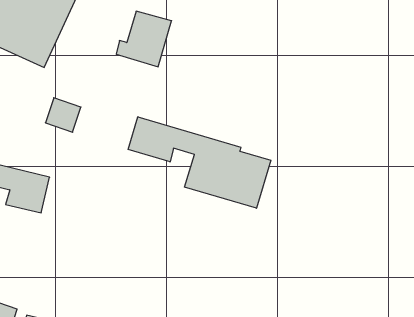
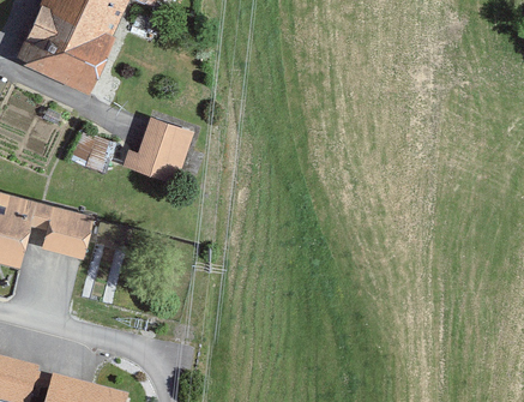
building: [116,11,172,67] -> [124,118,187,181]
building: [128,117,271,208] -> none

